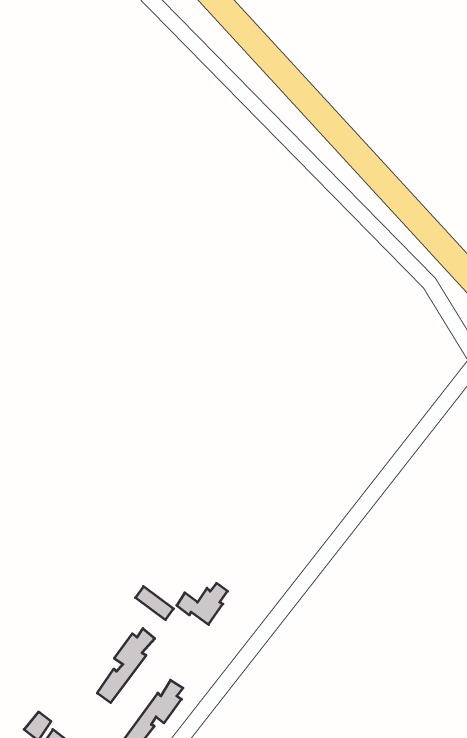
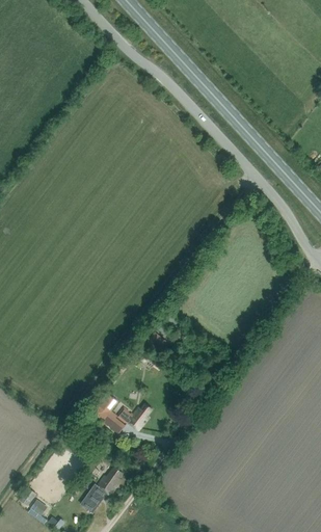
building: [97,628,155,703] -> none

